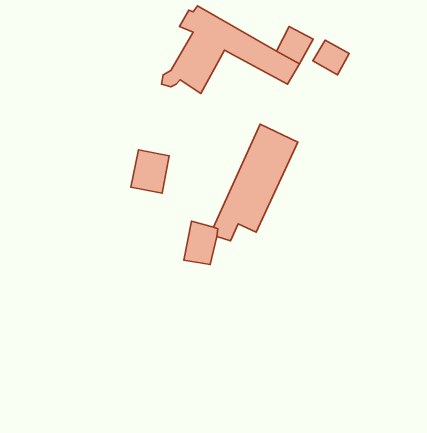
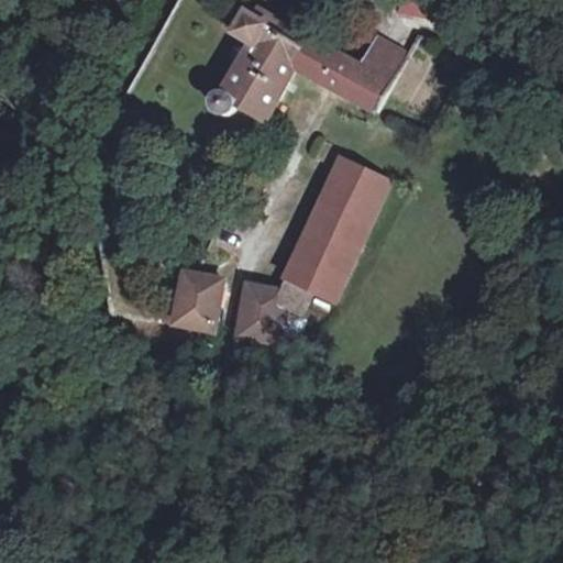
building: [313,40,349,75] -> none
building: [131,150,169,193] -> [172,275,221,331]

